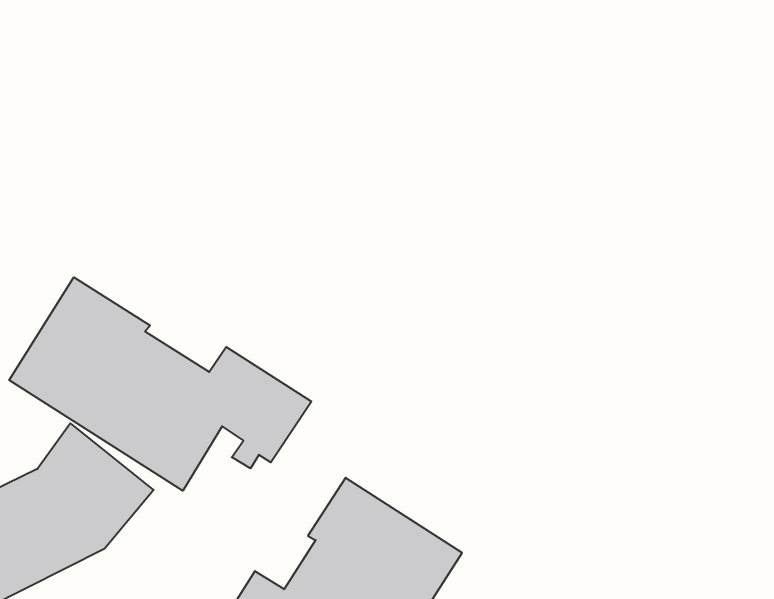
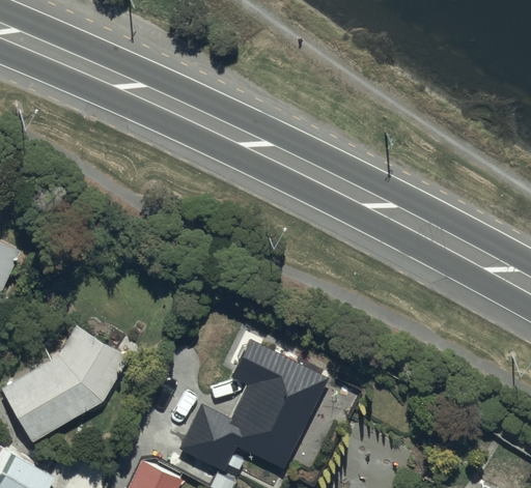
building: [9,277,311,491] -> none

